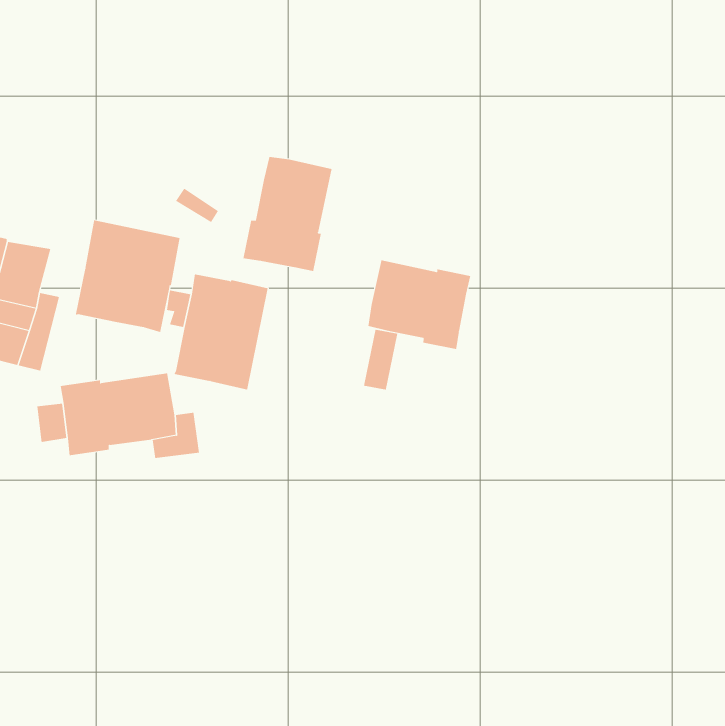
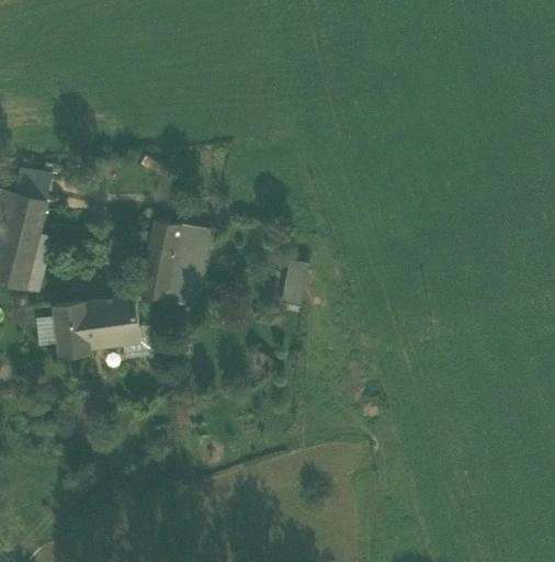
building: [243,156,332,272] -> none
building: none -> [13,169,53,201]
building: [75,219,180,333] -> none
building: [368,260,471,350] -> none

